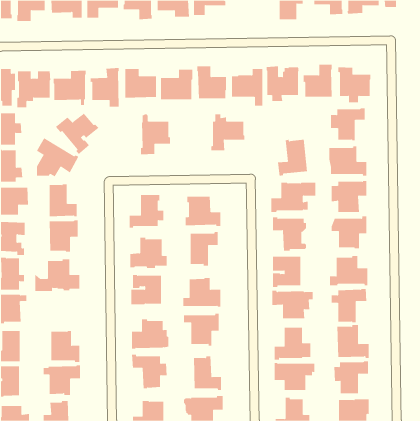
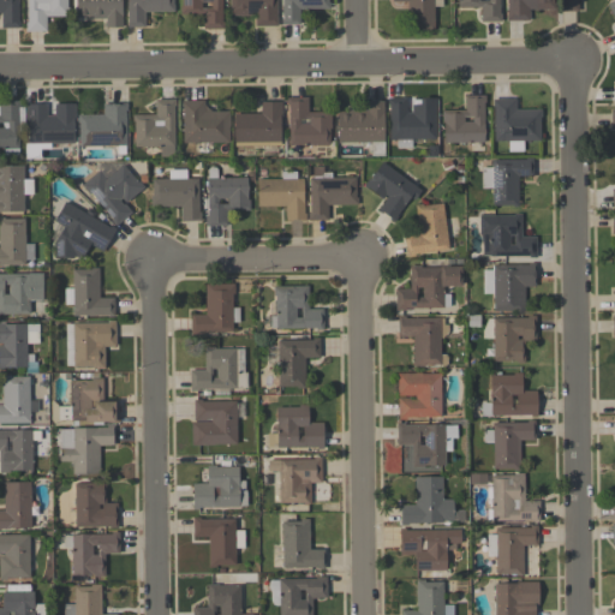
building: none -> [365,161,423,221]
building: none -> [151,168,202,221]
building: none -> [258,171,308,221]
building: none -> [61,425,115,473]

